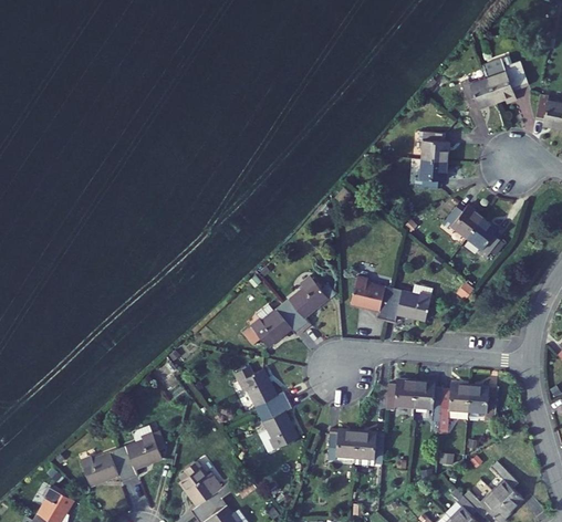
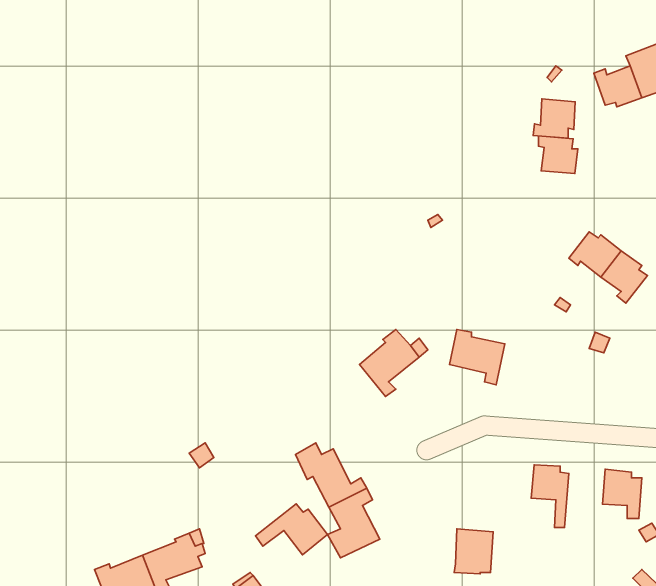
building: [414,157,446,187] -> [533,99,575,138]
building: [386,289,431,322] -> none
building: [242,304,302,347] -> none
building: [385,378,415,409] -> none
building: [438,383,469,429] -> none
building: none -> [256,504,327,555]
building: [327,428,356,459] -> none

